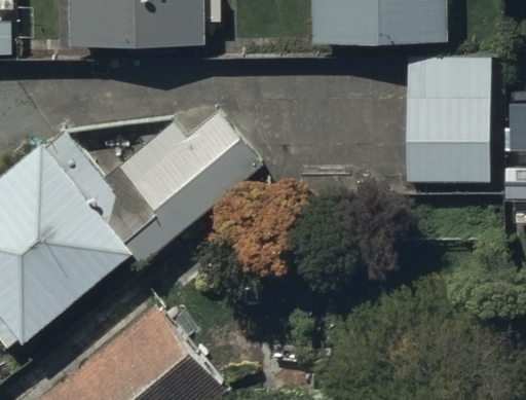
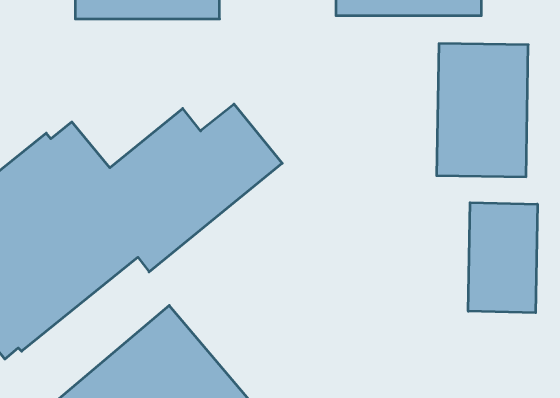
building: none -> [468,203,537,313]

